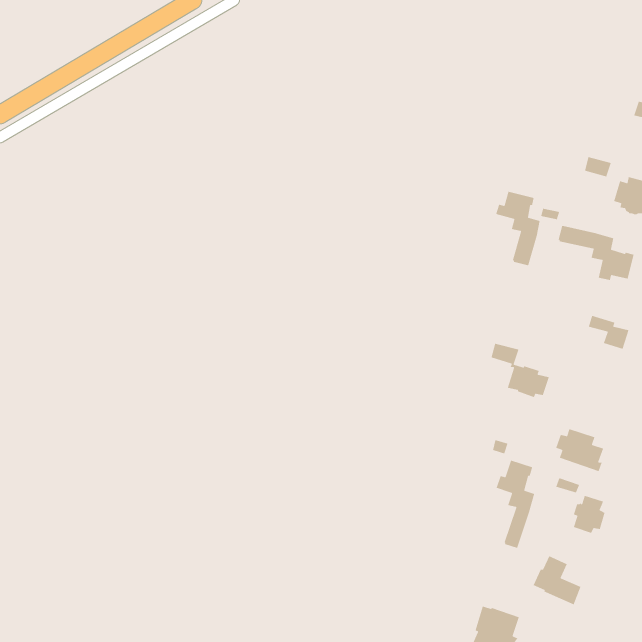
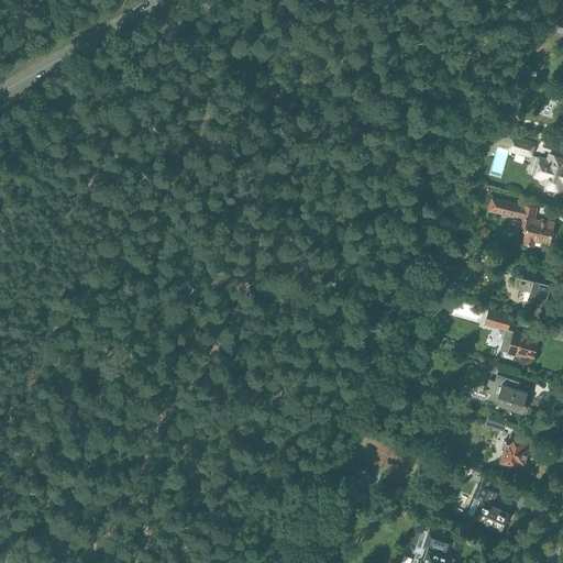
building: [495,191,541,266] -> none
building: [491,343,550,398] -> [487,311,539,360]
building: [496,460,535,549] -> none

